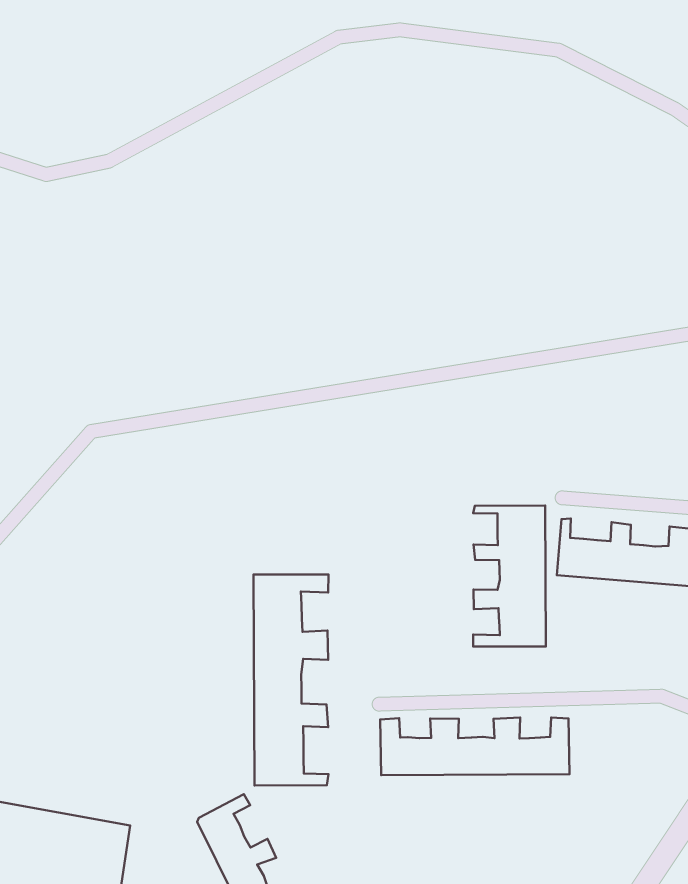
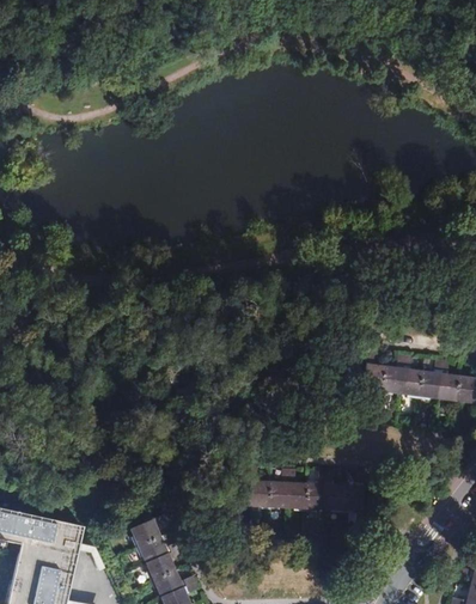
building: [473,505,546,646] -> none
building: [254,574,328,786] -> none

